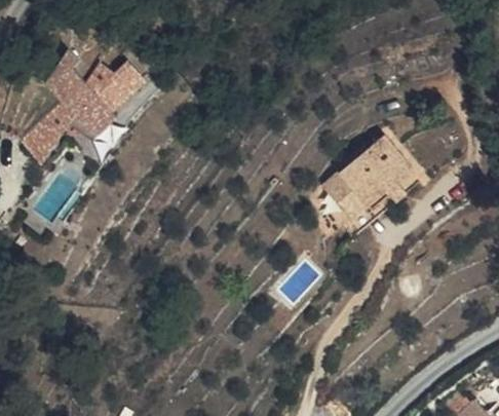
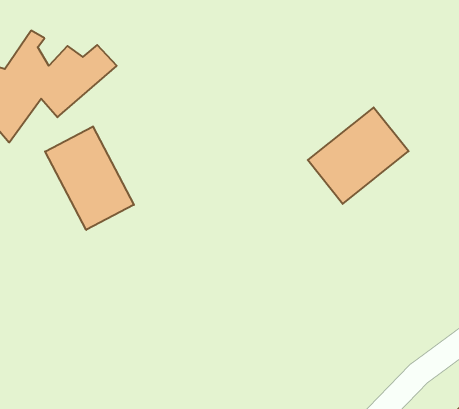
building: none -> [45,126,134,230]

